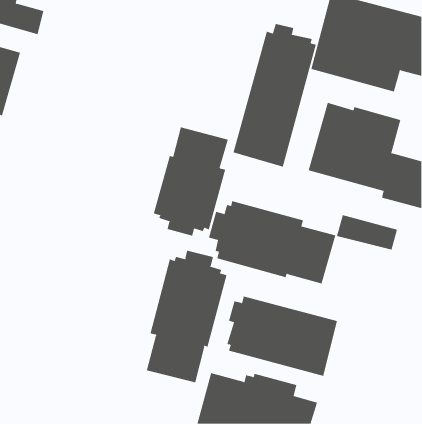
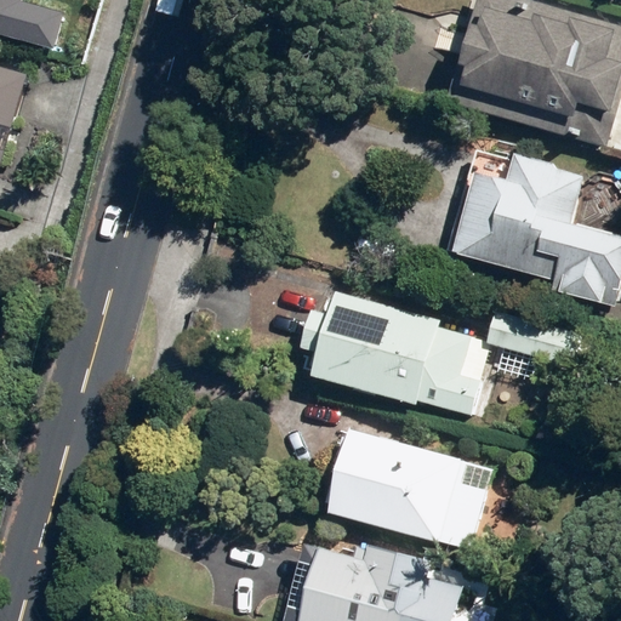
building: [233,23,317,168] -> none
building: [153,126,228,236] -> none
building: [146,250,227,383] -> none

